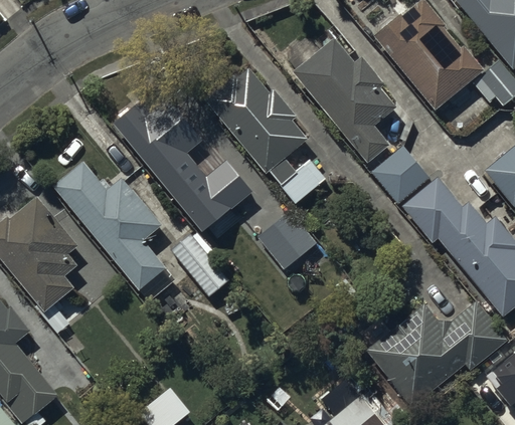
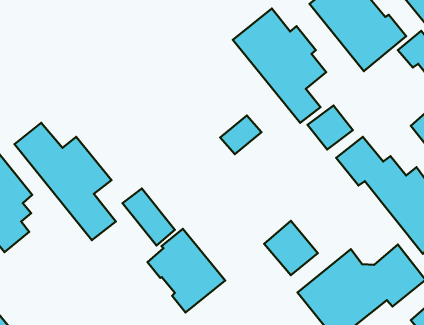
building: [207,71,308,175] -> none
building: [130,104,237,218] -> none
building: [258,215,316,274] -> [264,221,318,275]
building: none -> [147,229,225,312]

